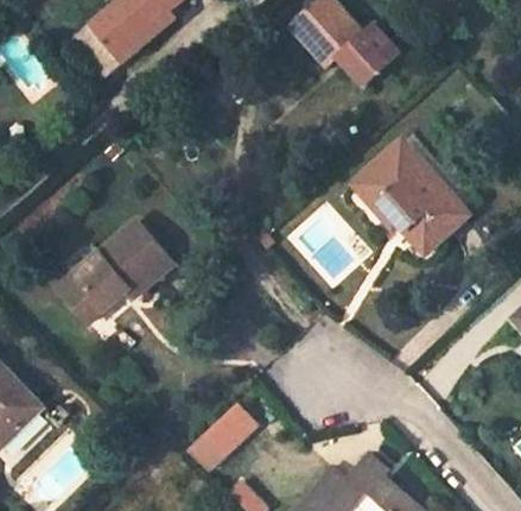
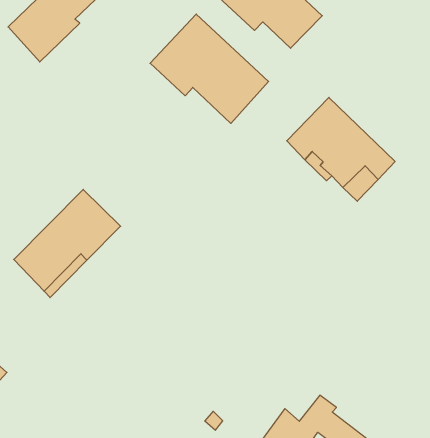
building: none -> [150,14,269,123]
building: [188,403,260,474] -> none

